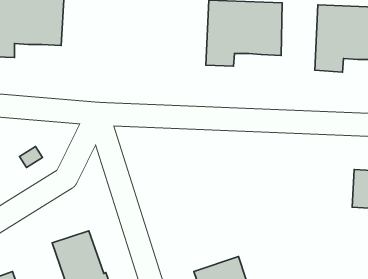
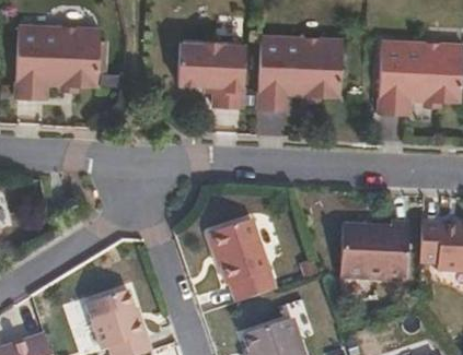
building: none -> [177,40,245,107]
building: none -> [210,217,277,301]
building: none -> [340,223,407,282]

